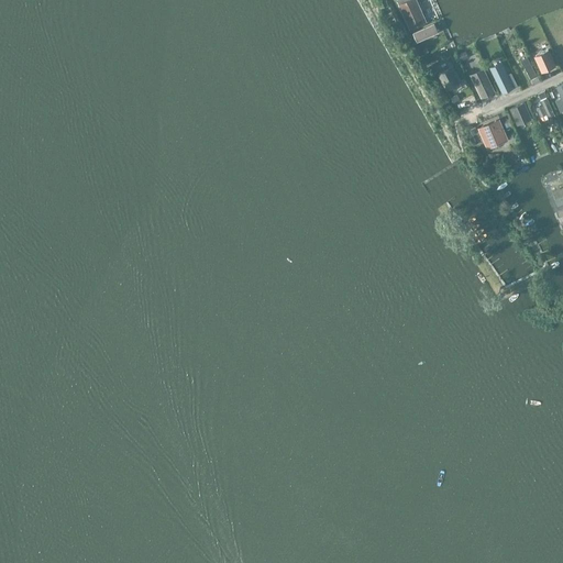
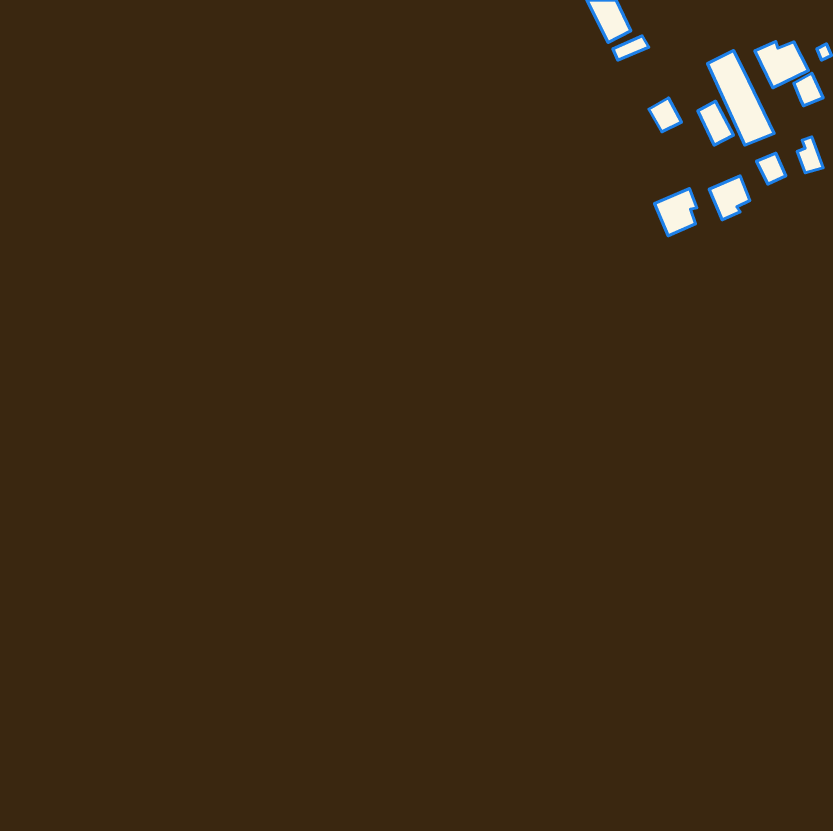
building: none -> [755,41,808,88]
building: none -> [654,189,697,236]

